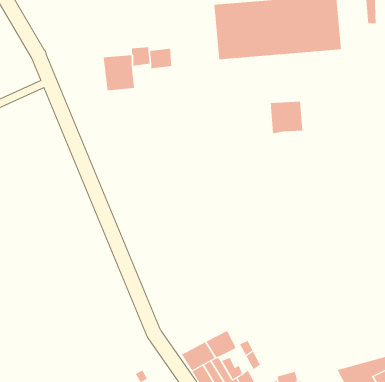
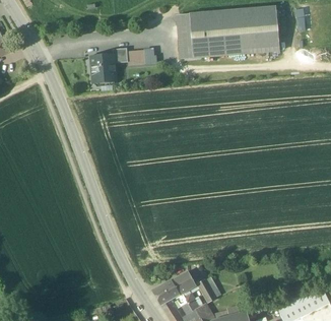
building: [270,101,303,134] -> none

